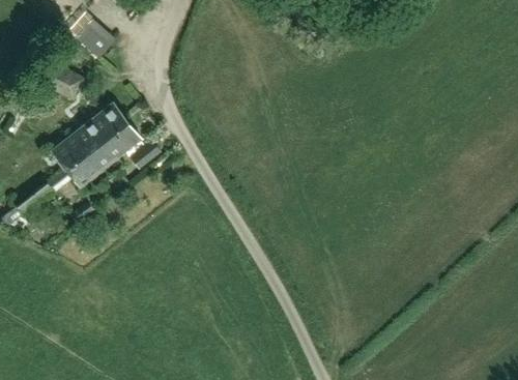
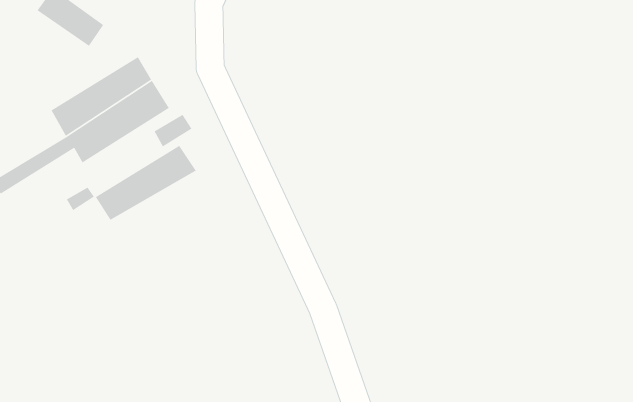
building: none -> [95,145,197,221]

